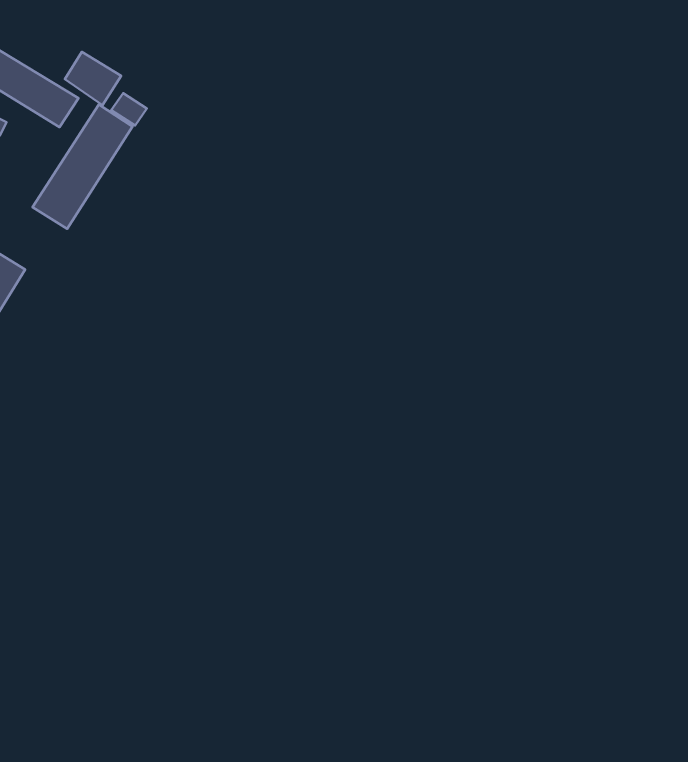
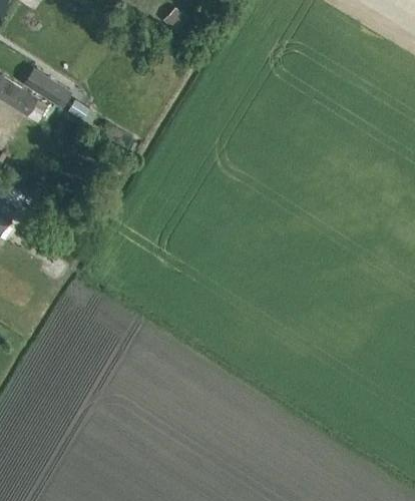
building: [32,104,132,229] -> none

